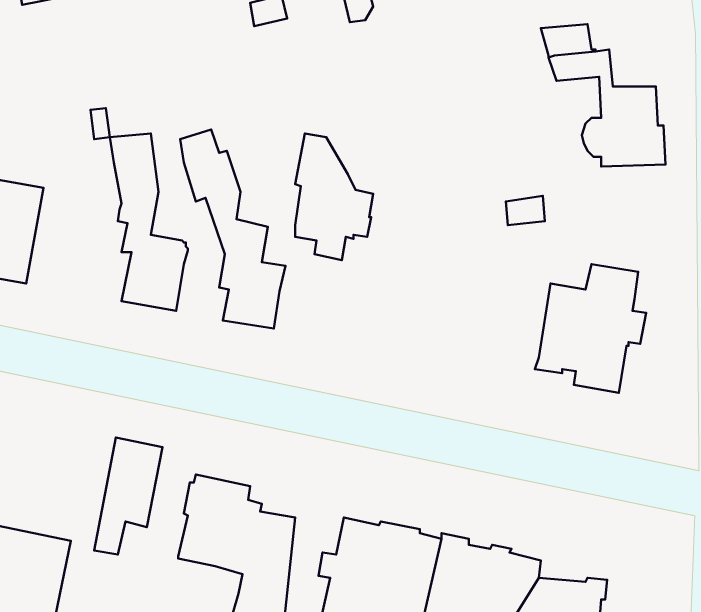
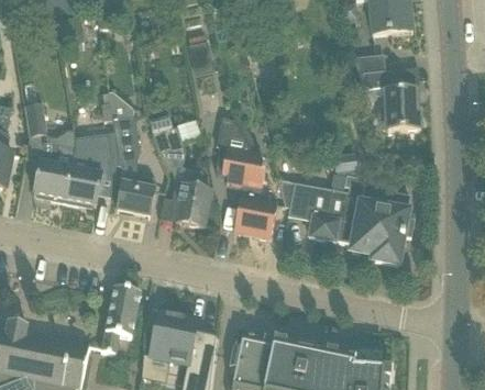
building: none -> [63,133,117,207]
building: none -> [233,164,276,239]
building: none -> [277,172,363,243]

